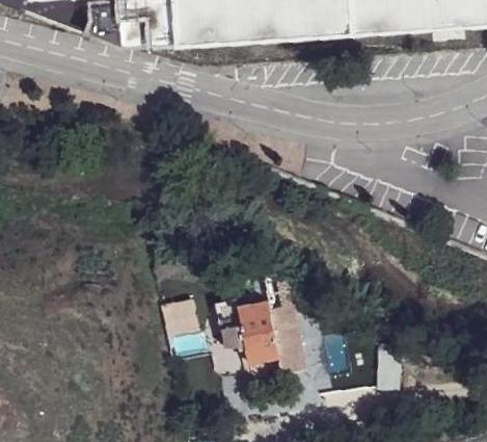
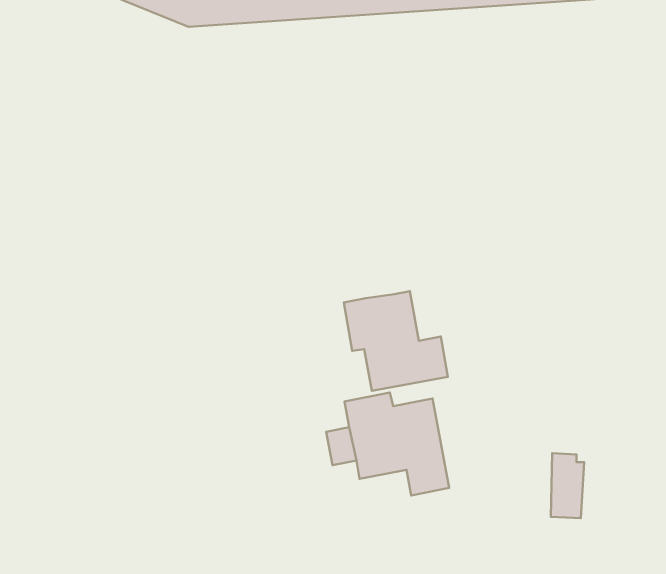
building: none -> [344,291,448,391]
building: [160,297,197,335] -> none

